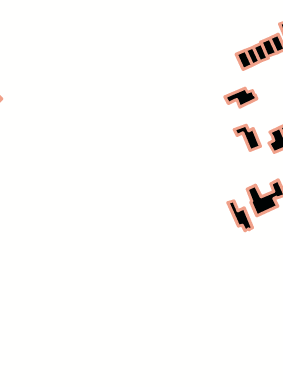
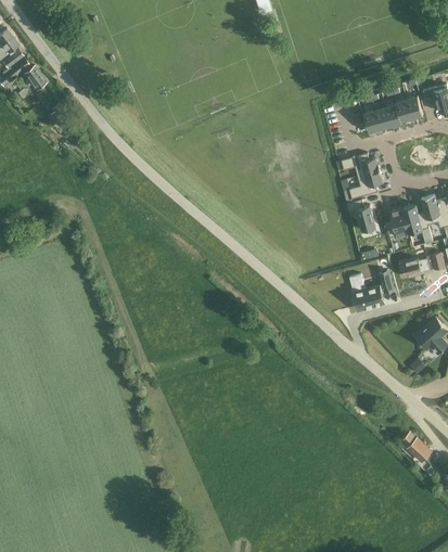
building: none -> [349,170,382,200]
building: [228,201,252,231] -> none

